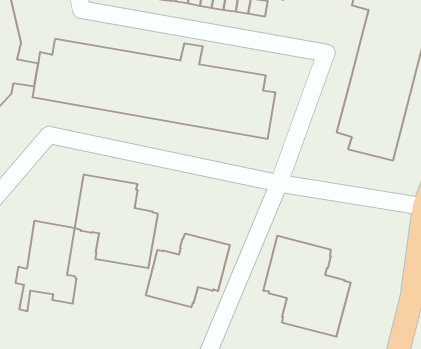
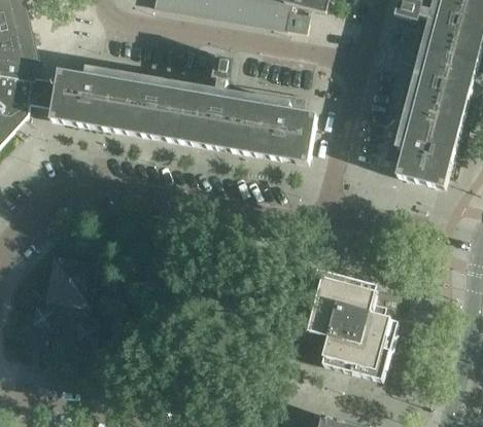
building: [75,174,158,268] -> none
building: [146,234,230,307] -> none

